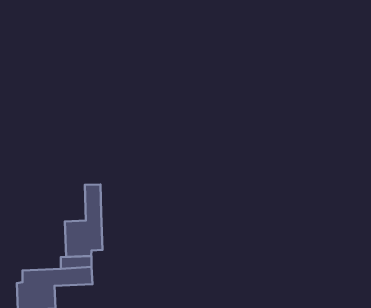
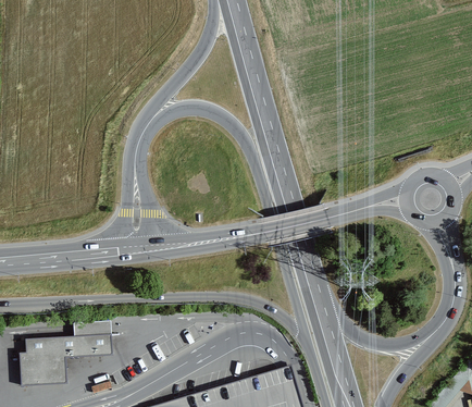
building: [65,184,103,257] -> none

